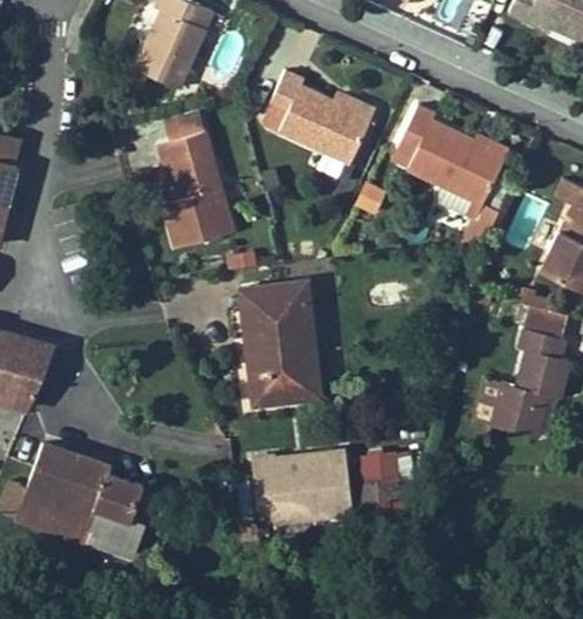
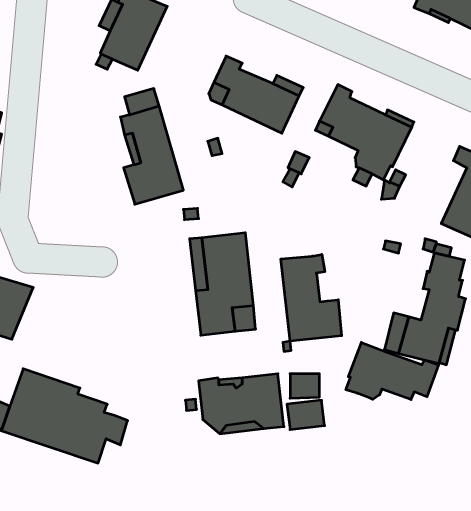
building: none -> [281,254,342,341]
building: none -> [346,342,439,400]

